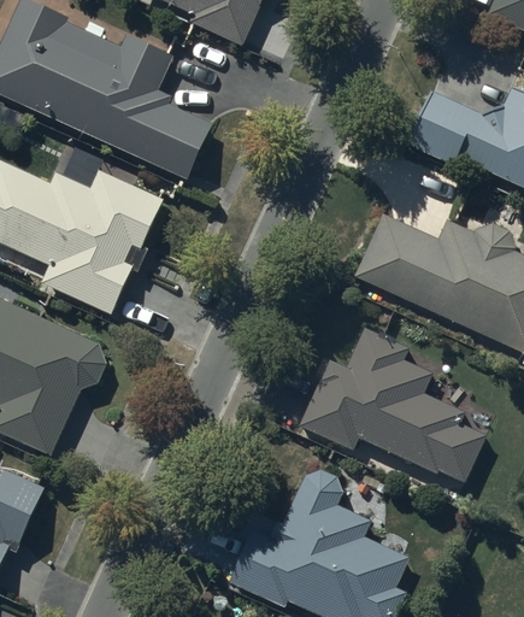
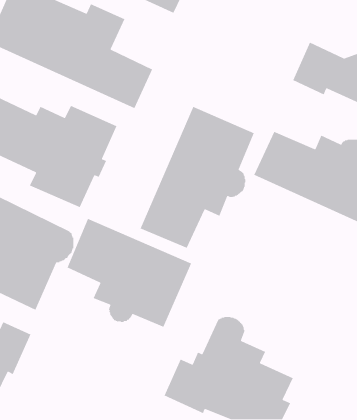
building: none -> [139,106,255,249]
building: [298,325,488,480] -> none
building: none -> [66,218,192,328]

